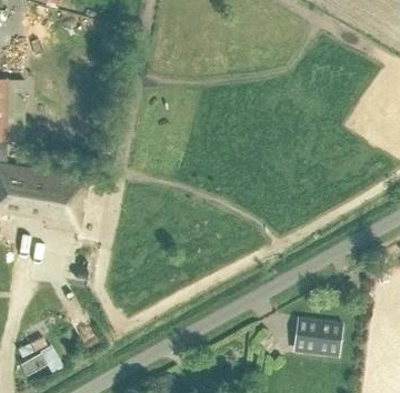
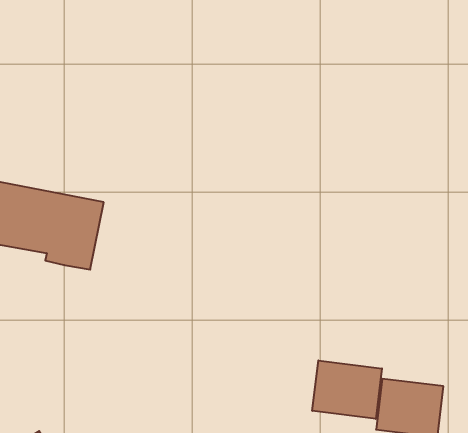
building: none -> [312,360,382,419]

